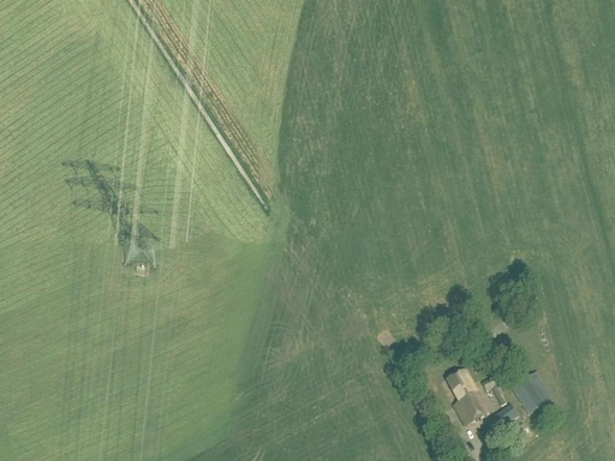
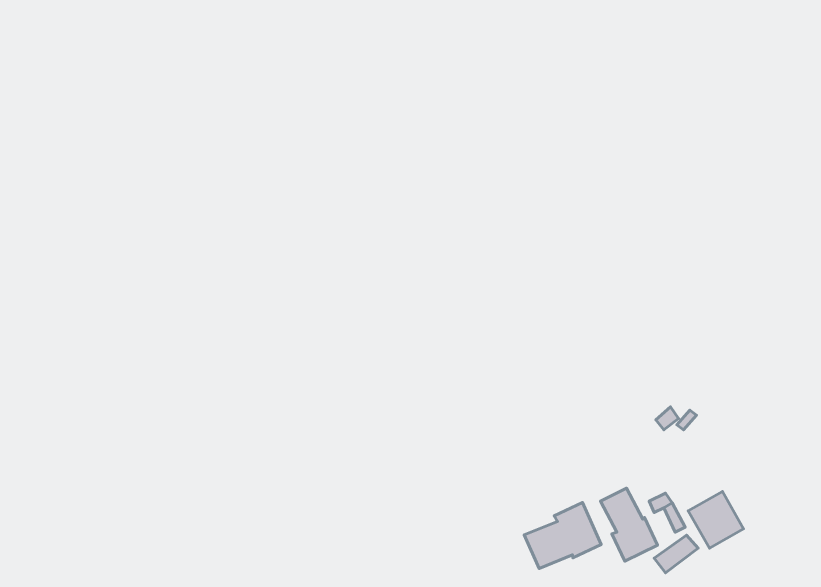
building: none -> [524,503,601,568]

